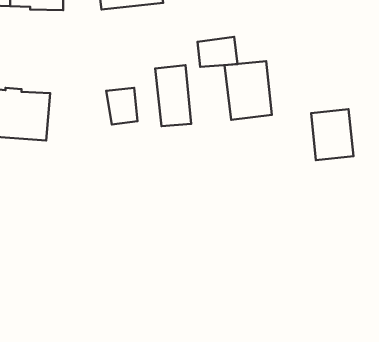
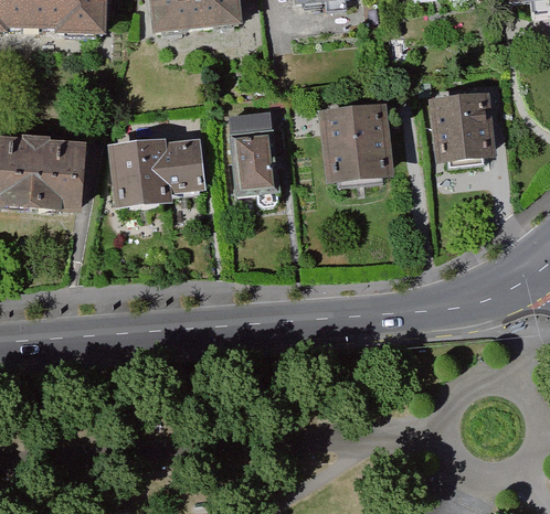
building: [197,37,237,67] -> none
building: none -> [109,138,169,208]
building: [311,109,353,160] -> [435,92,494,162]

